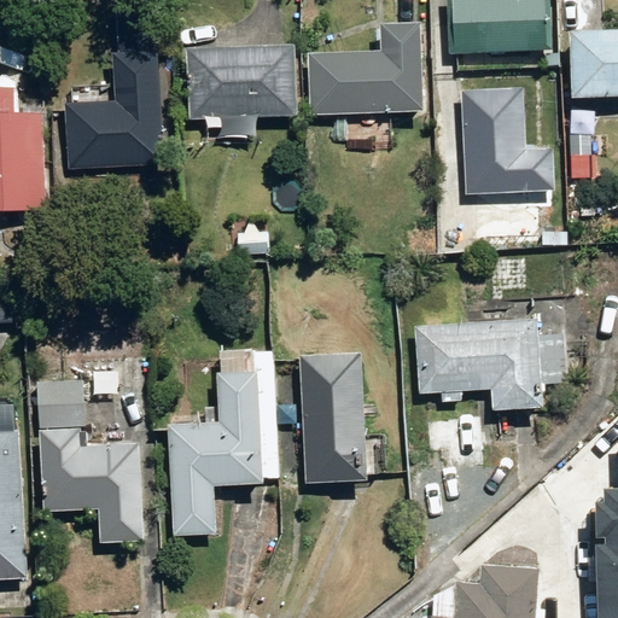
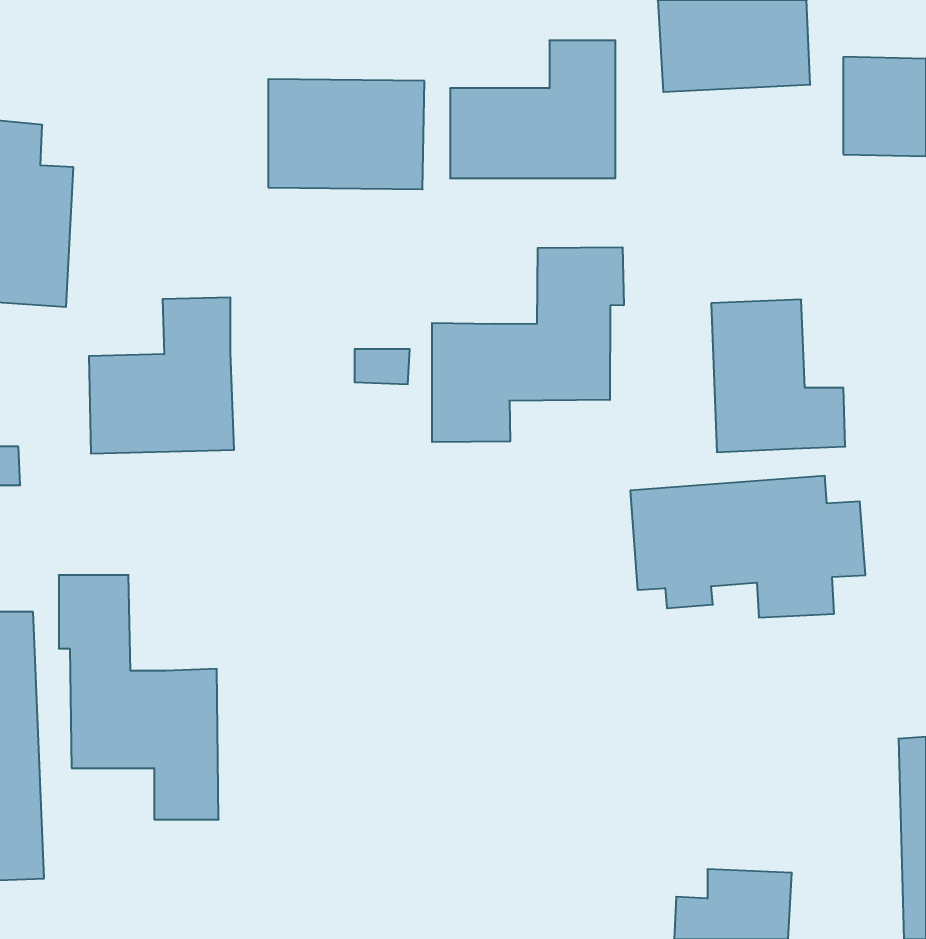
building: [68,63,163,165] -> [89,297,234,454]
building: [450,92,538,192] -> [711,300,845,452]
building: none -> [432,247,624,442]
building: [304,346,375,473] -> none
building: [173,350,274,531] -> none

